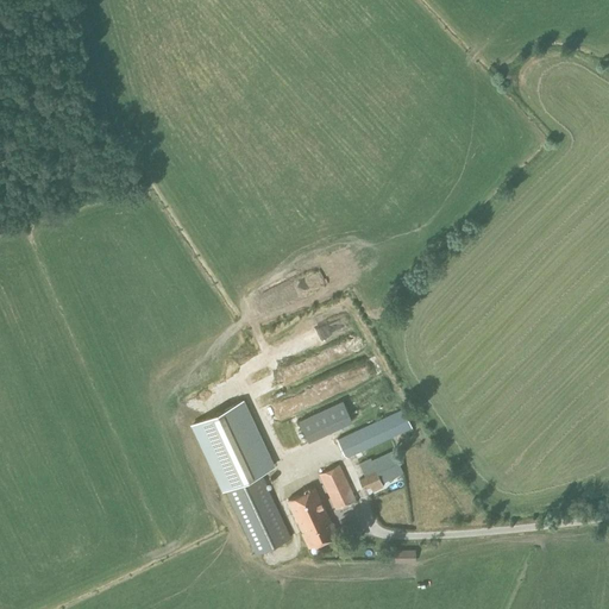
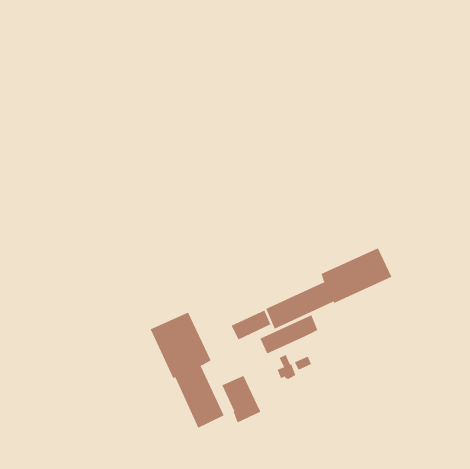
building: none -> [266,248,392,329]
building: [318,464,356,510] -> none

